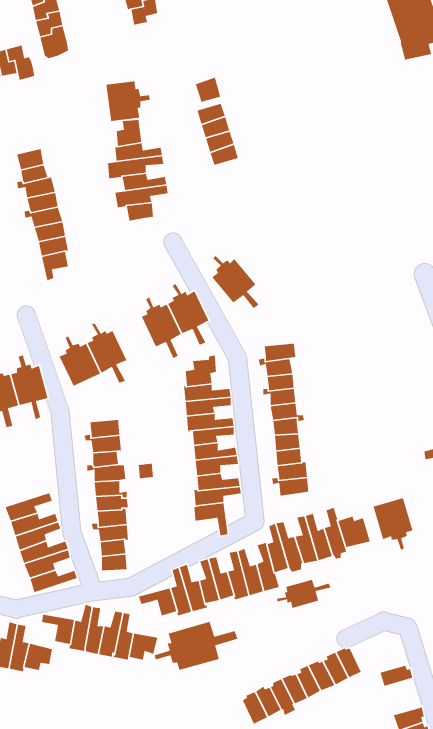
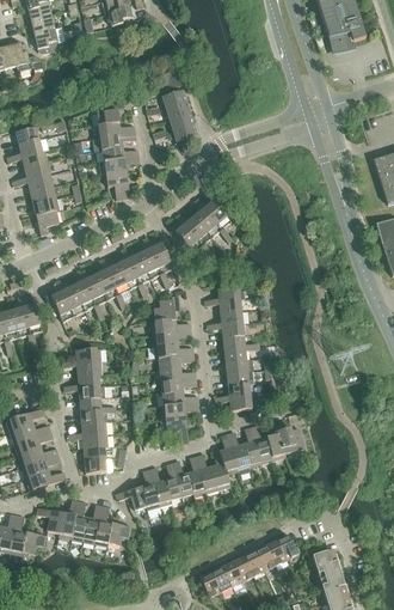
building: [106,80,151,122] -> none
building: none -> [193,196,233,242]
building: none -> [94,257,129,307]
building: [373,497,414,551] -> none
building: [276,579,331,609] -> none
building: [154,621,238,671] -> none
building: none -> [315,559,344,588]

